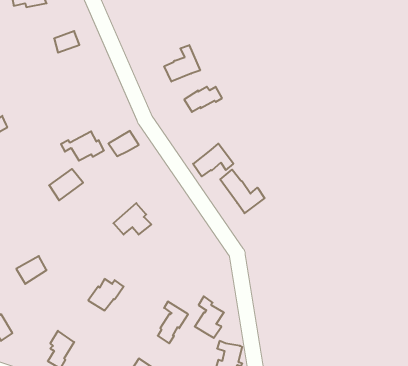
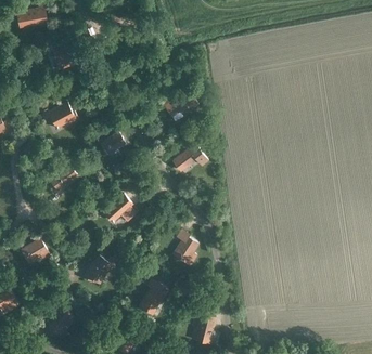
building: [164,45,200,82] -> none
building: [61,131,104,161] -> [41,104,78,129]
building: [220,170,265,213] -> none
building: [195,296,224,338] -> [174,231,198,266]

